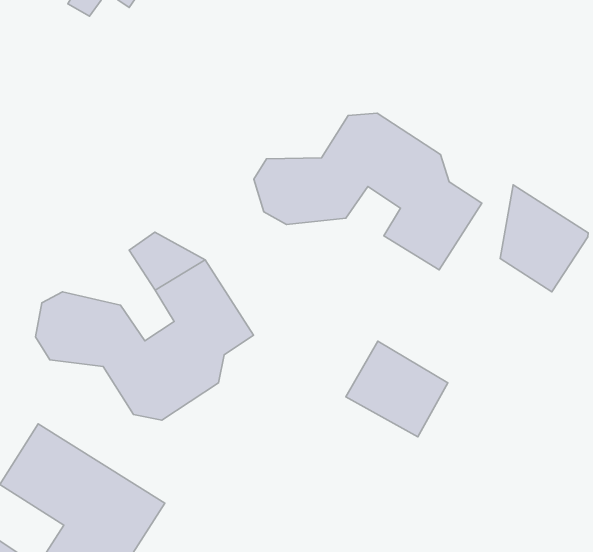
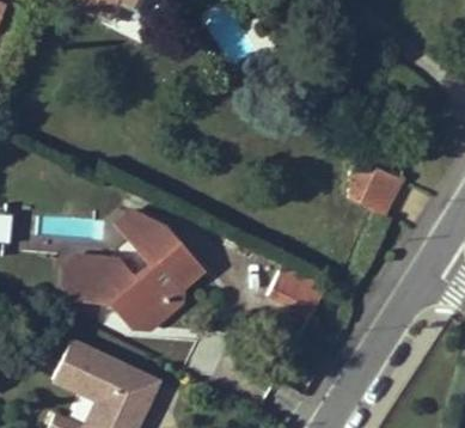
building: [254,113,482,270] -> none

